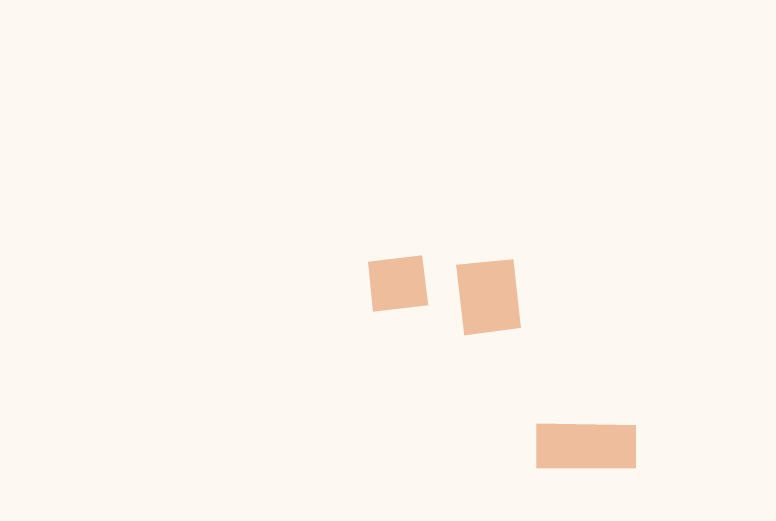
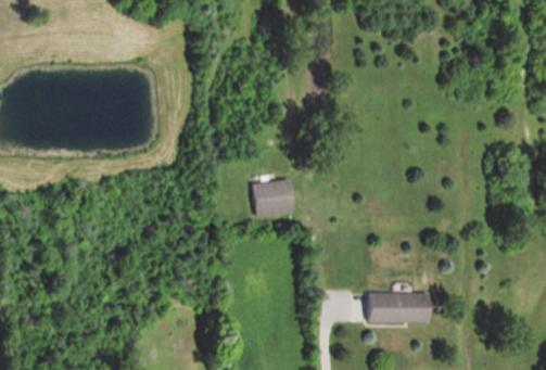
building: [456,258,522,336] -> none

